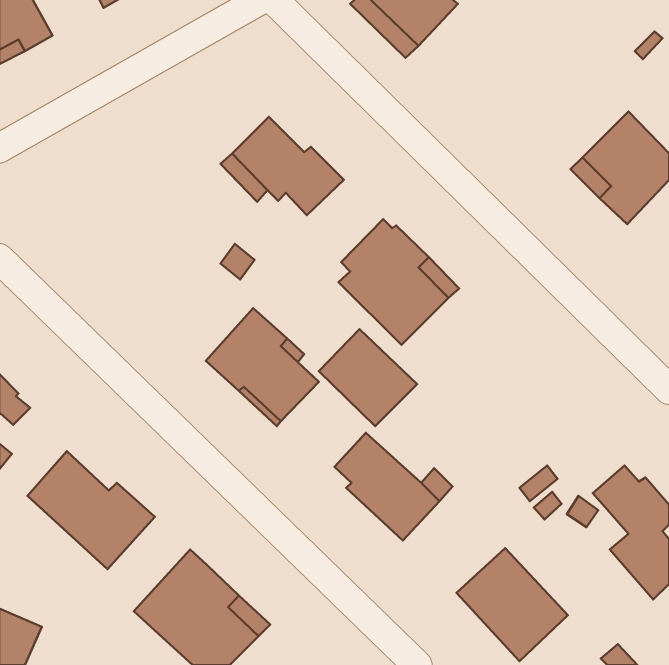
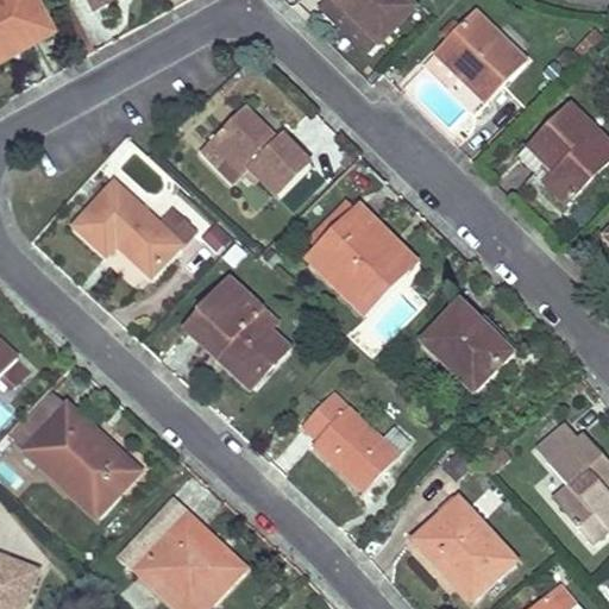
building: none -> [437,11,525,99]
building: none -> [75,182,194,272]
building: [319,329,417,426] -> [423,302,513,390]
building: none -> [7,387,106,450]

